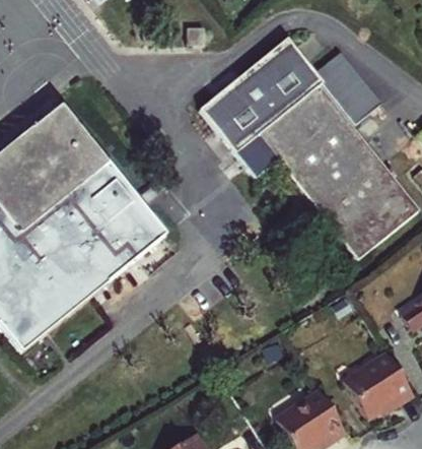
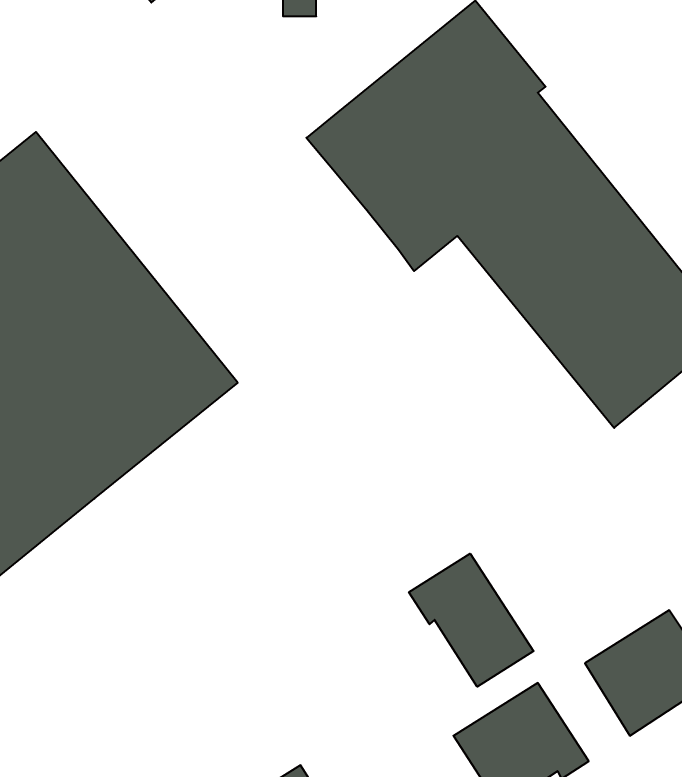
building: [315,49,381,121] -> none
building: none -> [409,554,534,687]

